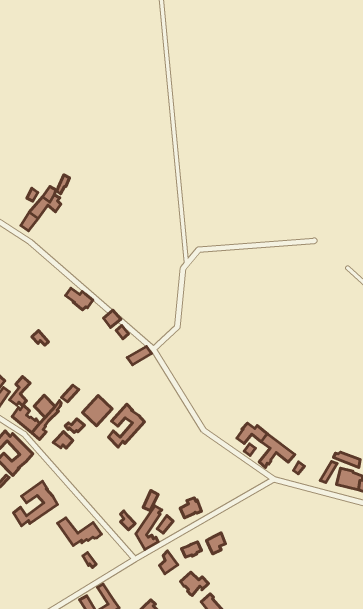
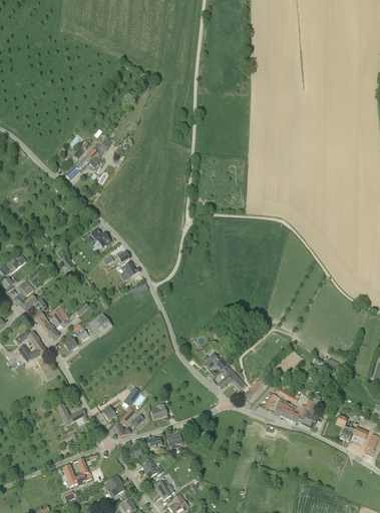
building: [108,404,145,447] -> none
building: [14,481,57,526] -> none

